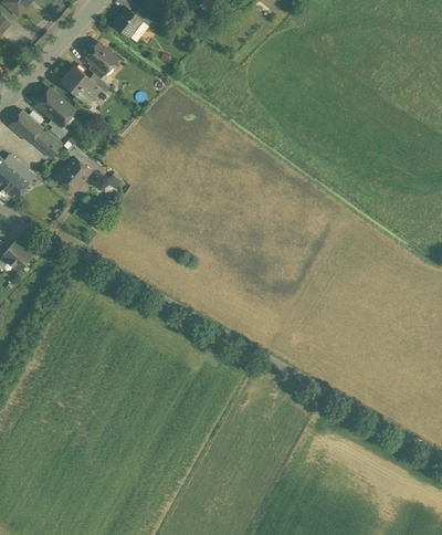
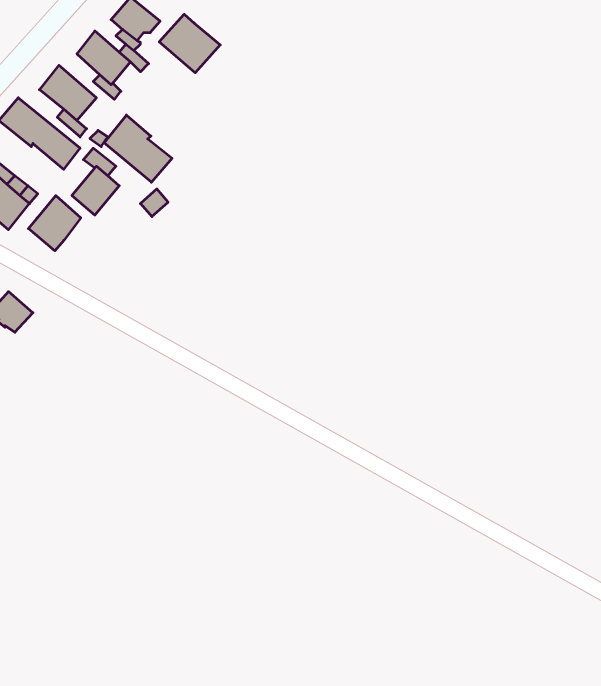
building: none -> [159,14,220,73]
building: none -> [104,115,172,182]
building: none -> [28,196,81,251]

